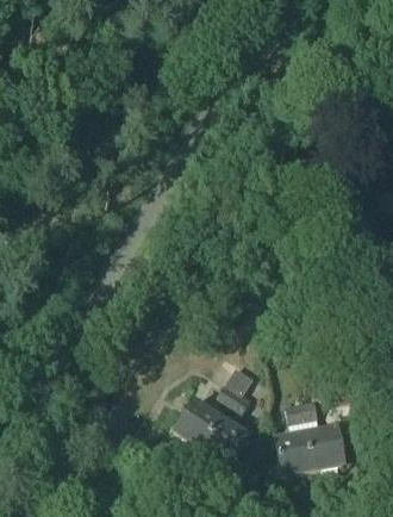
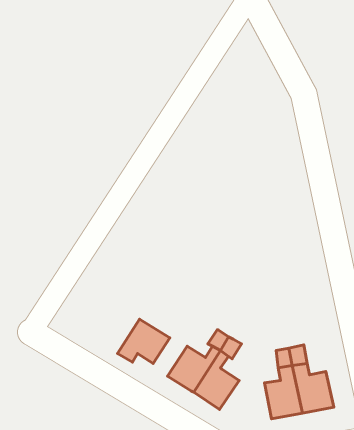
building: none -> [118,319,170,364]

